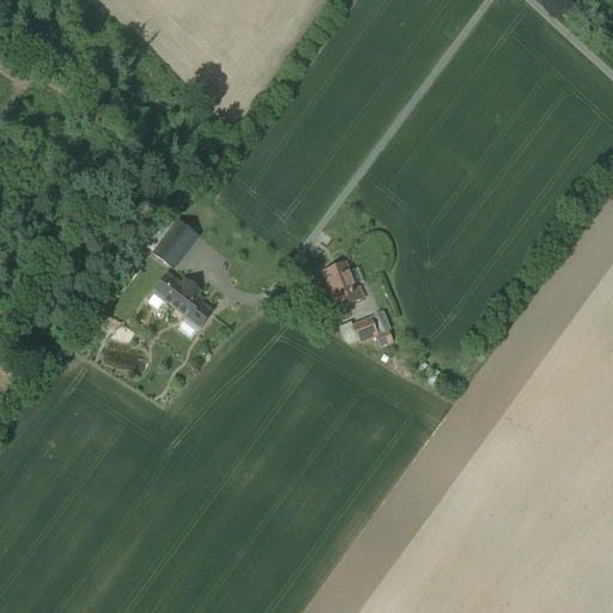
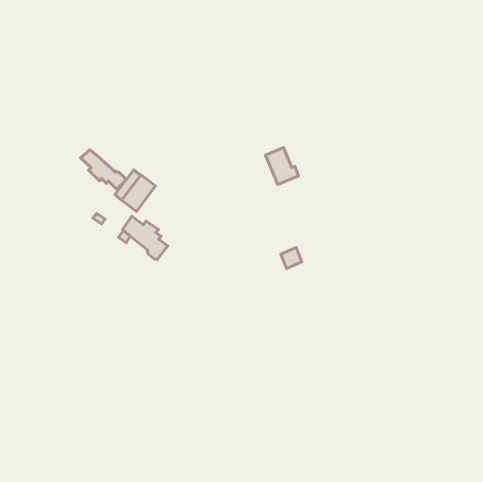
building: none -> [80,150,126,189]
building: [324,261,366,308] -> [265,147,299,184]

